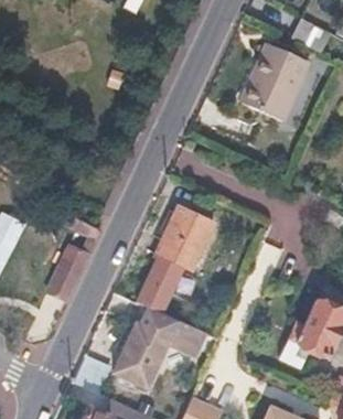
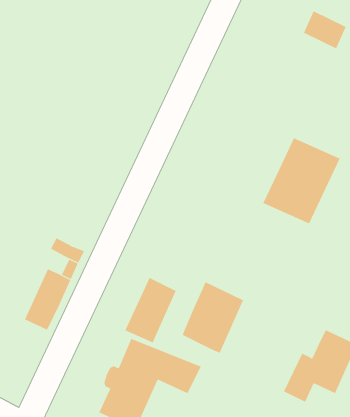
building: [243,42,312,119] -> [262,137,341,224]
building: [157,206,212,270] -> [182,282,244,354]

